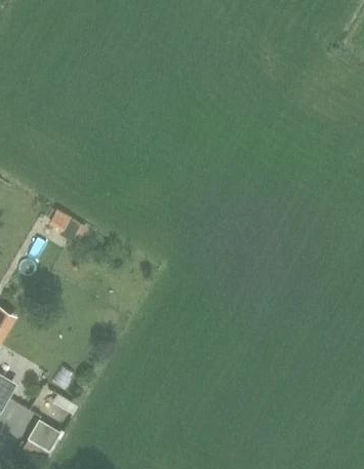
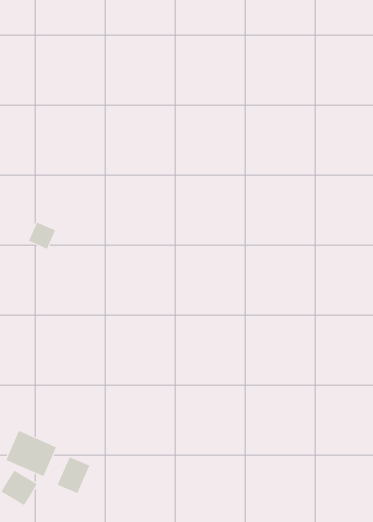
building: none -> [57,456,90,494]

